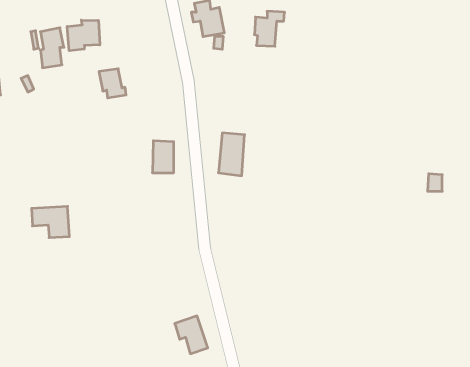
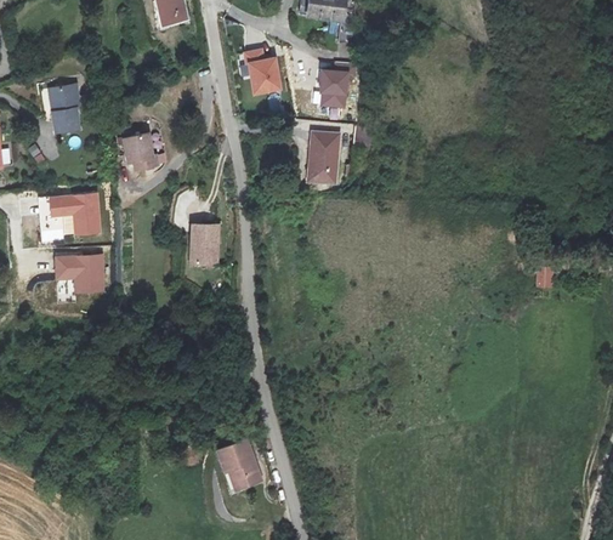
building: [67,20,100,51] -> none
building: none -> [50,193,101,234]
building: [218,133,245,176] -> [307,130,340,183]
building: [32,206,69,238] -> [56,254,103,292]

